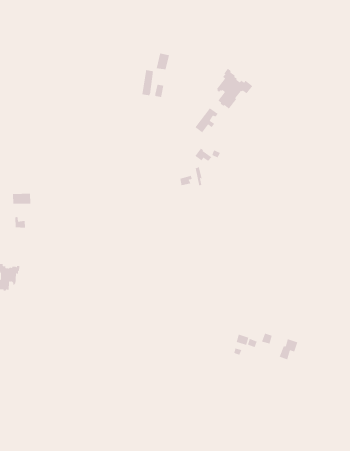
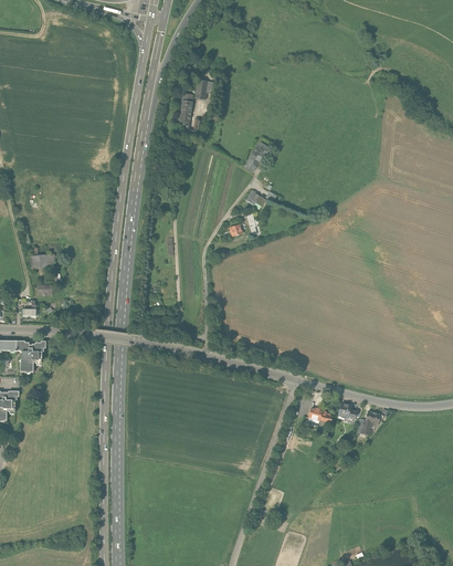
building: [216,68,253,109] -> none

